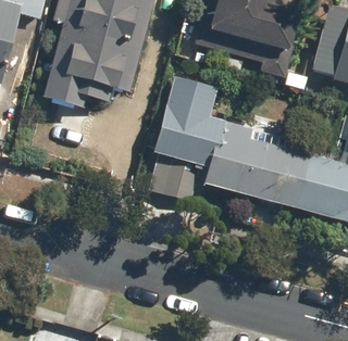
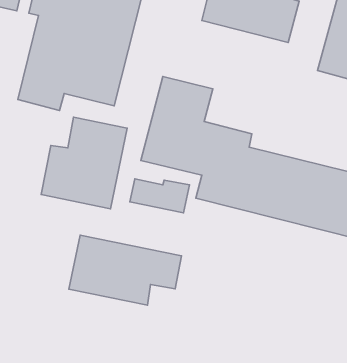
building: none -> [41,117,127,209]
building: none -> [69,235,182,305]

